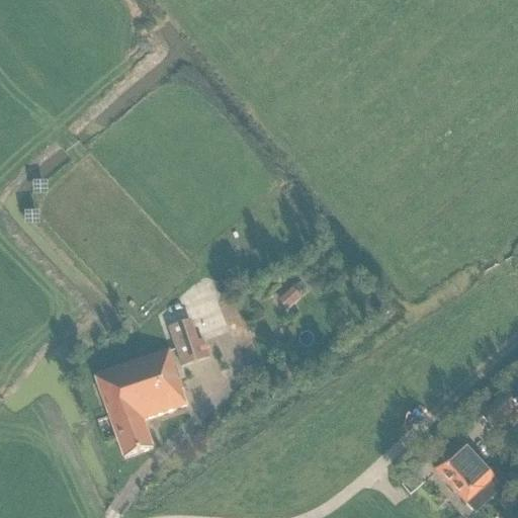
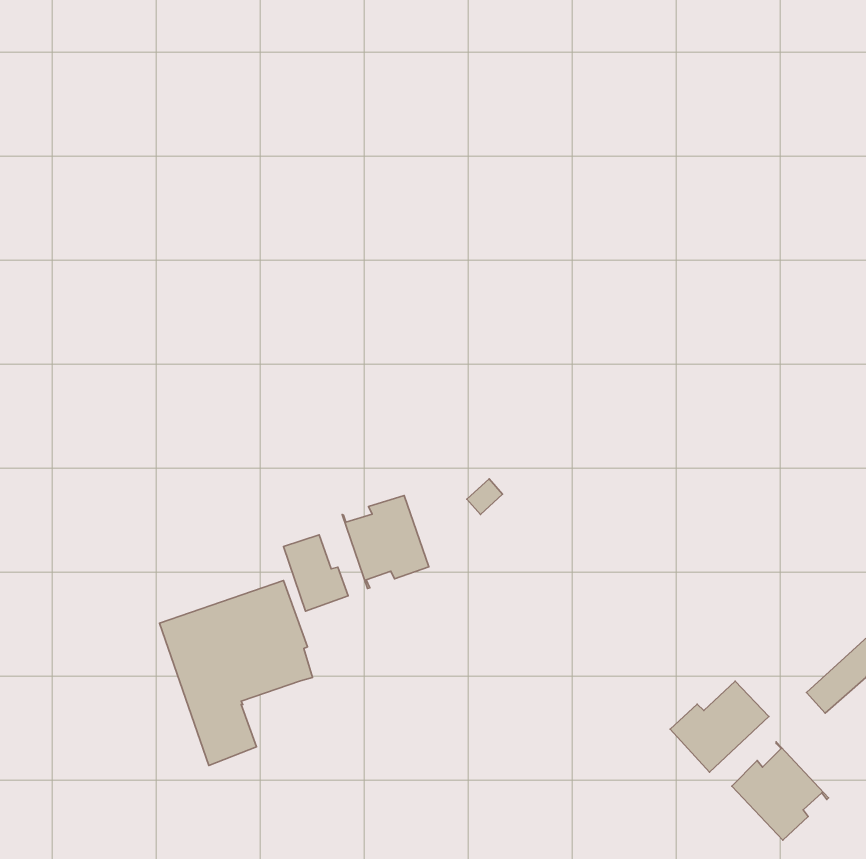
building: none -> [342,495,429,588]
building: none -> [670,681,769,772]

